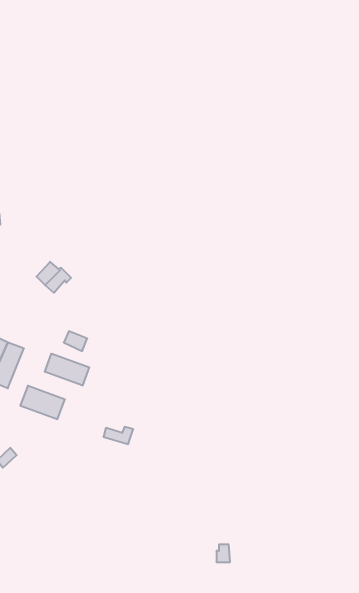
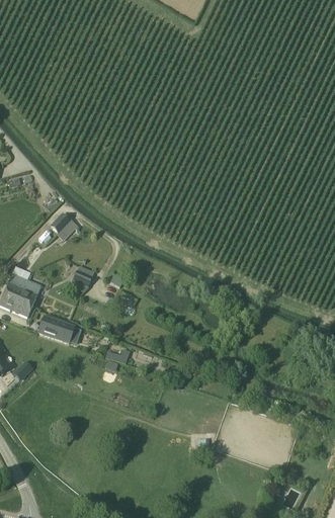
building: [45,354,89,386] -> none

